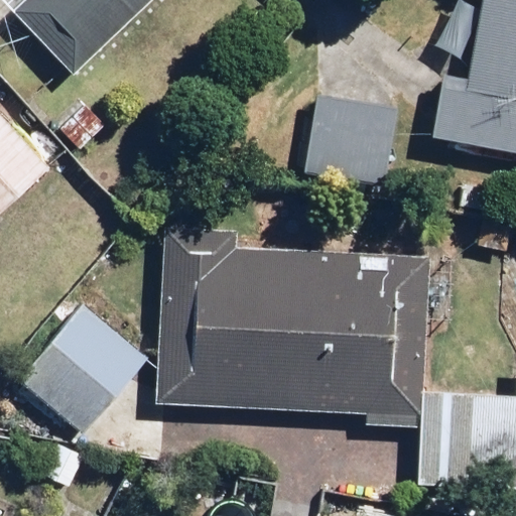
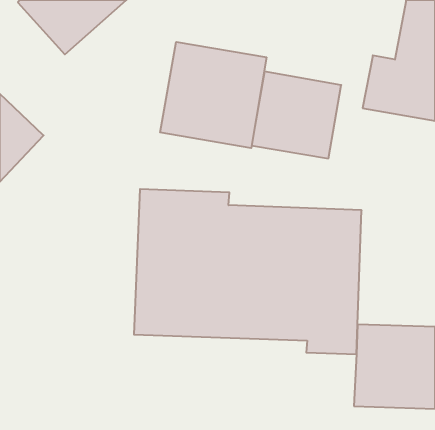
building: none -> [160,42,266,148]
building: [16,308,146,438] -> none

